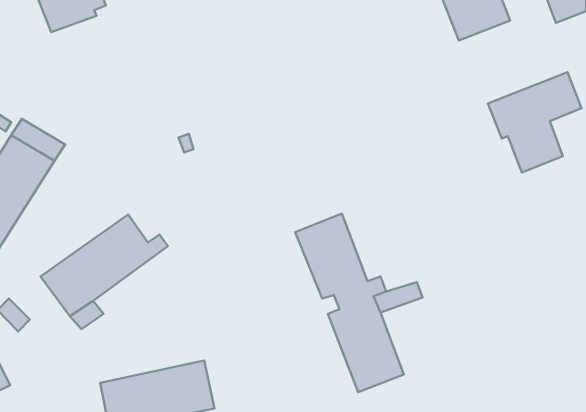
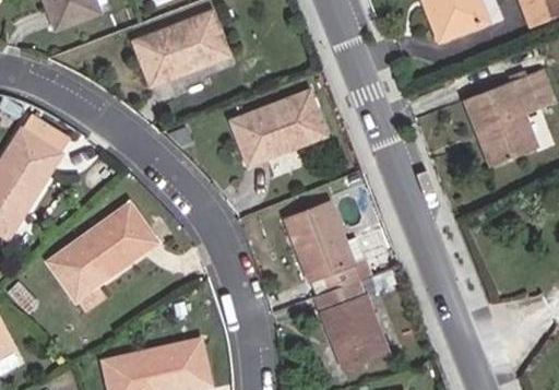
building: none -> [134,12,228,85]
building: none -> [231,93,324,164]

